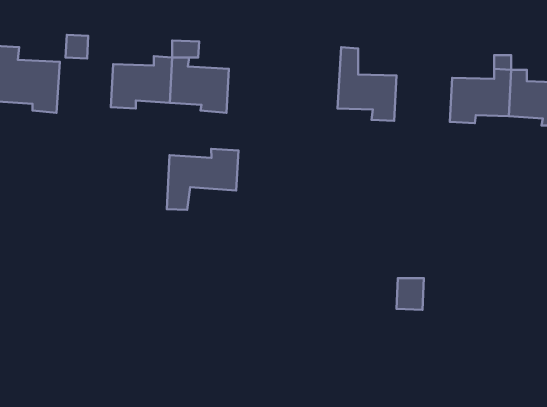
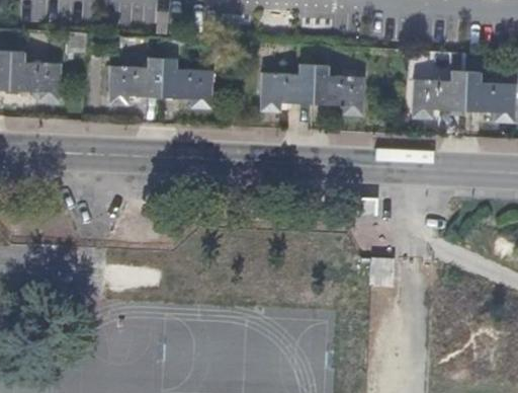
building: none -> [262,50,315,111]
building: [167,149,238,210] -> none

